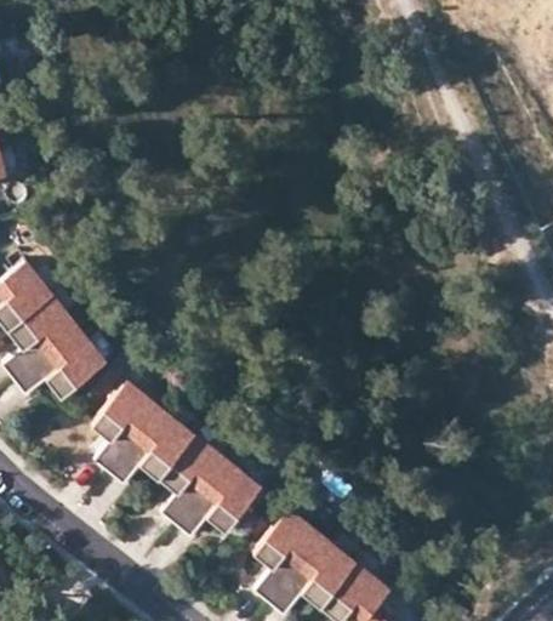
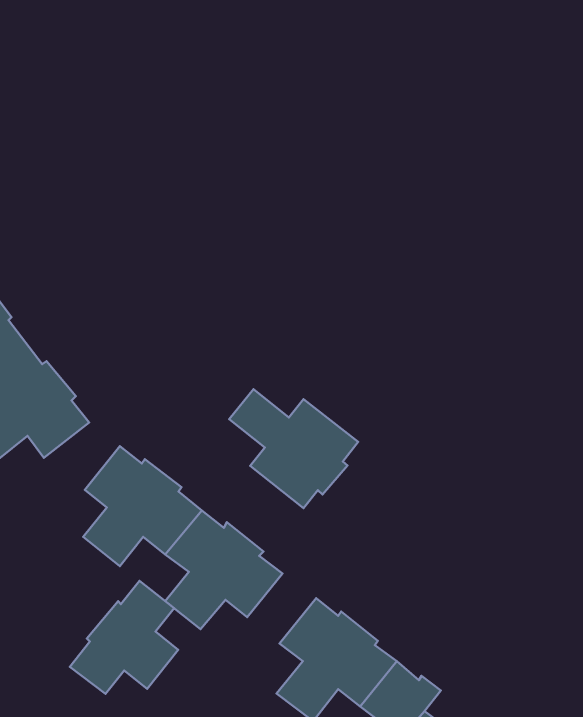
building: none -> [229,389,358,508]
building: none -> [70,581,178,694]

